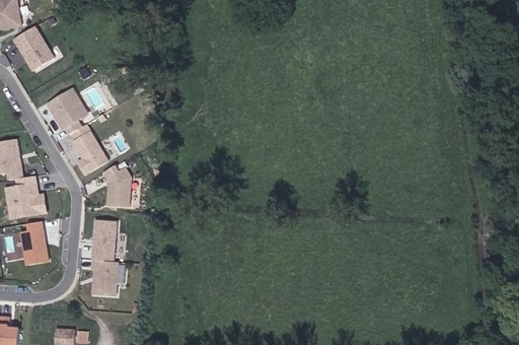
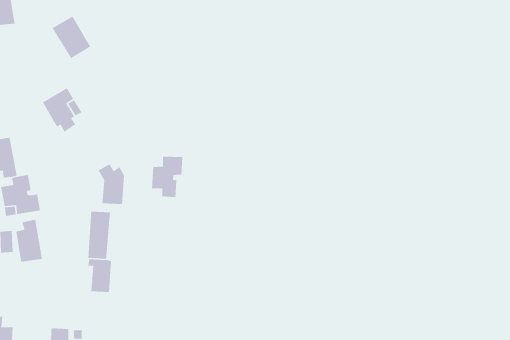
building: [13,26,53,70] -> [52,16,91,59]
building: [72,131,106,174] -> none
building: none -> [151,156,183,198]

